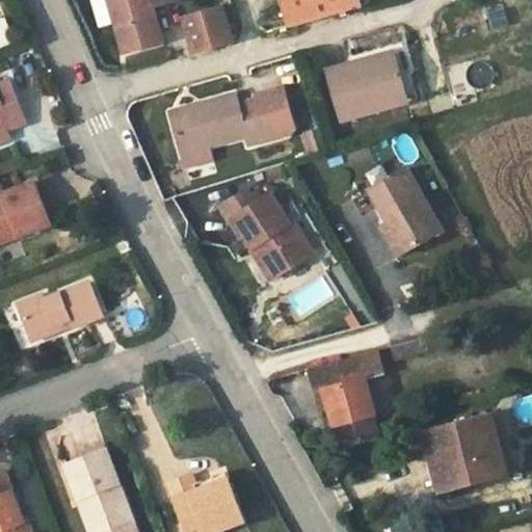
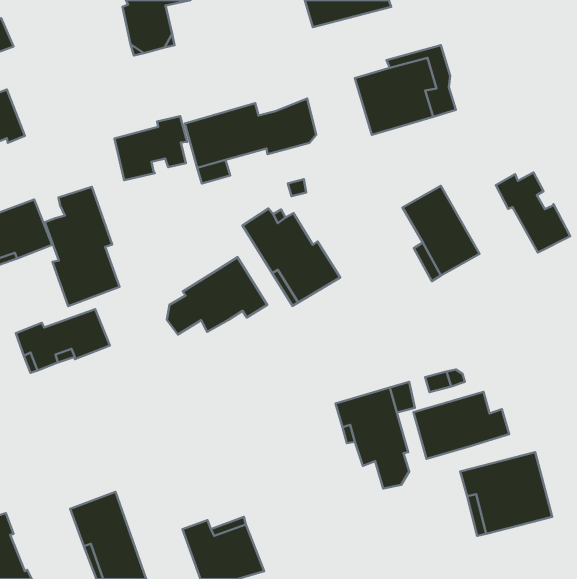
building: [183,9,229,51] -> none
building: none -> [114,116,187,180]
building: none -> [496,172,570,252]
building: none -> [45,187,119,306]
building: none -> [167,257,267,335]
building: none -> [413,392,509,459]

